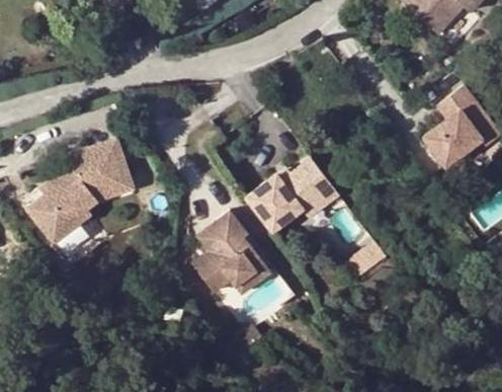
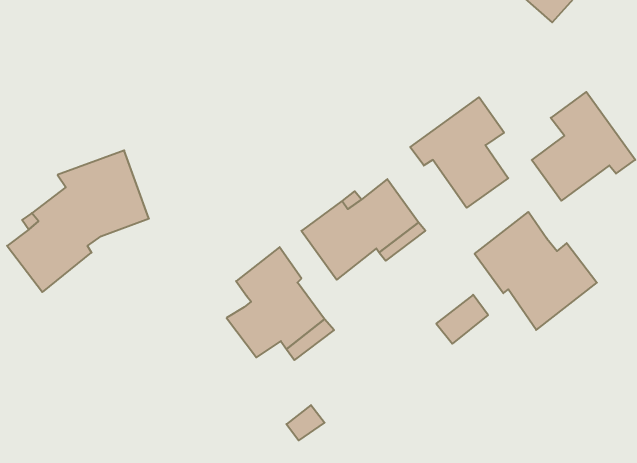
building: none -> [410,97,508,208]
building: none -> [475,212,597,330]

